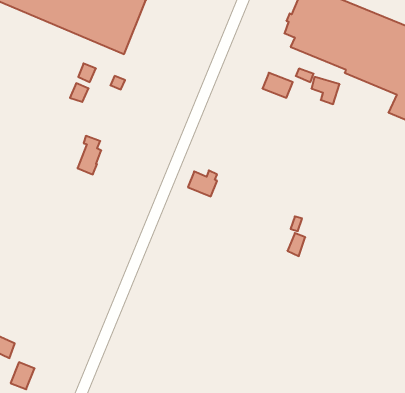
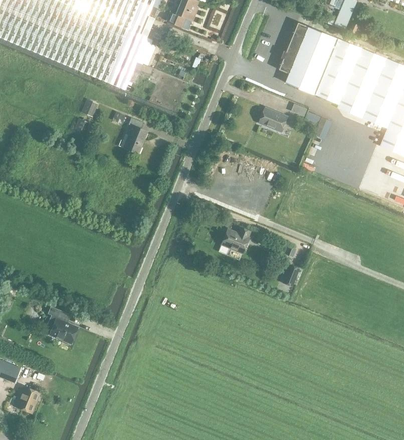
building: [77,136,101,174] -> [123,117,146,154]
building: [188,170,217,196] -> [221,227,249,252]
building: none -> [48,307,77,343]

